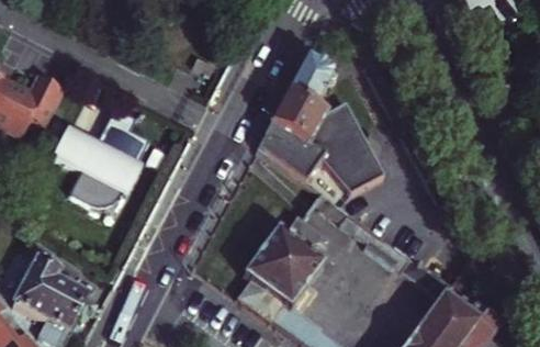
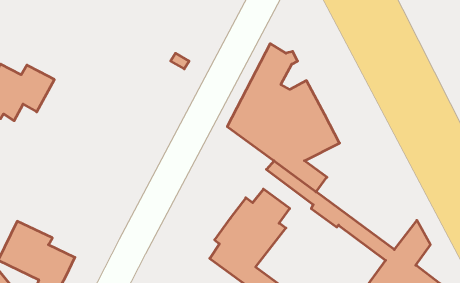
building: [58,115,140,213] -> none

